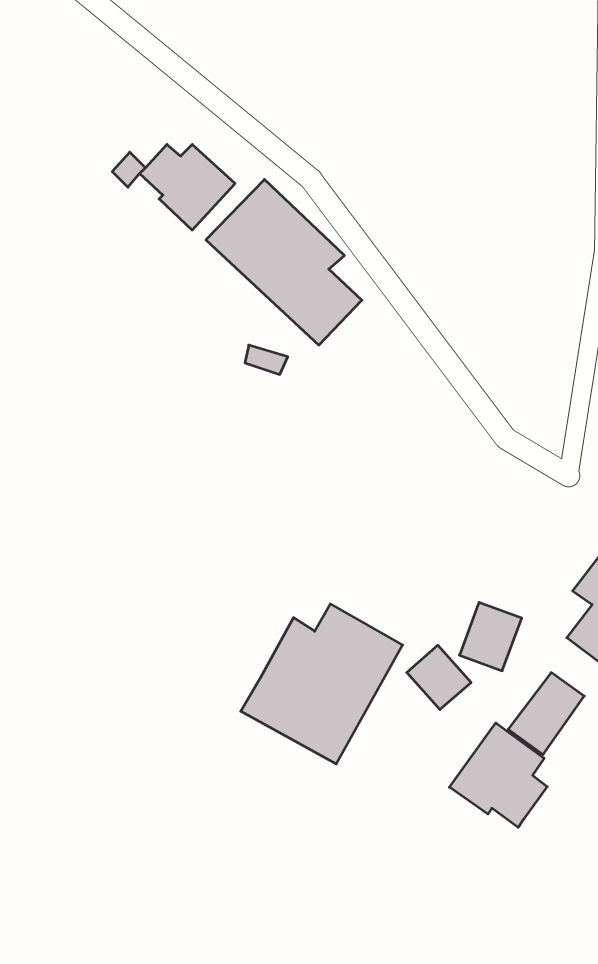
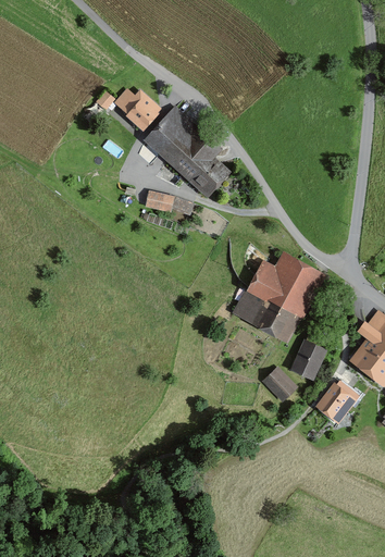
building: none -> [144,191,172,214]
building: [241,604,403,764] -> [232,252,322,342]
building: [449,723,547,827] -> none

